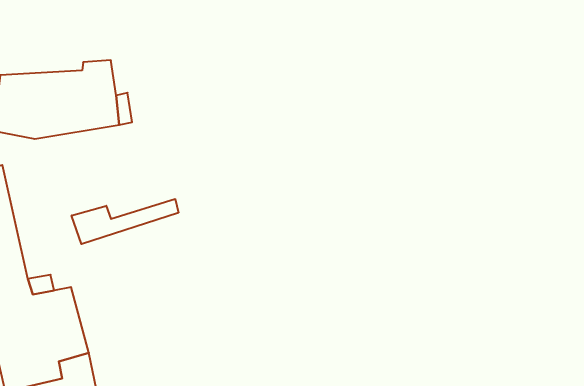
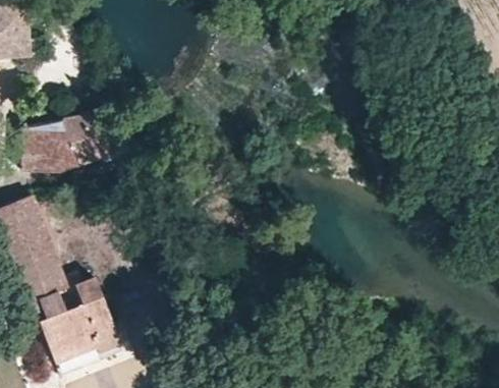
building: [72,199,178,244] -> none

